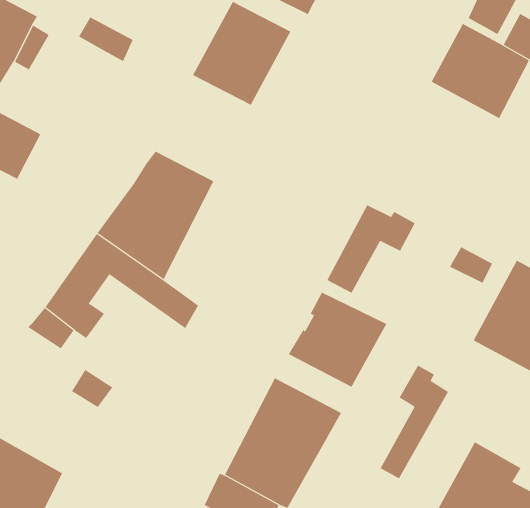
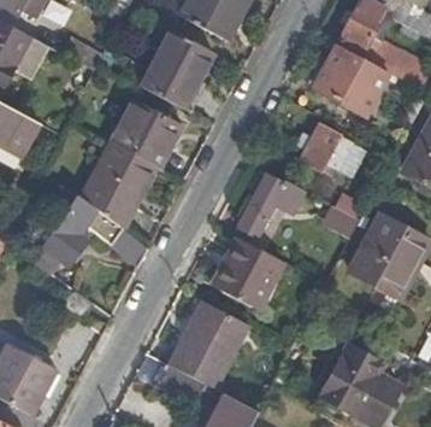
building: none -> [116,94,188,160]
building: none -> [300,124,368,170]
building: [380,365,449,479] -> none

